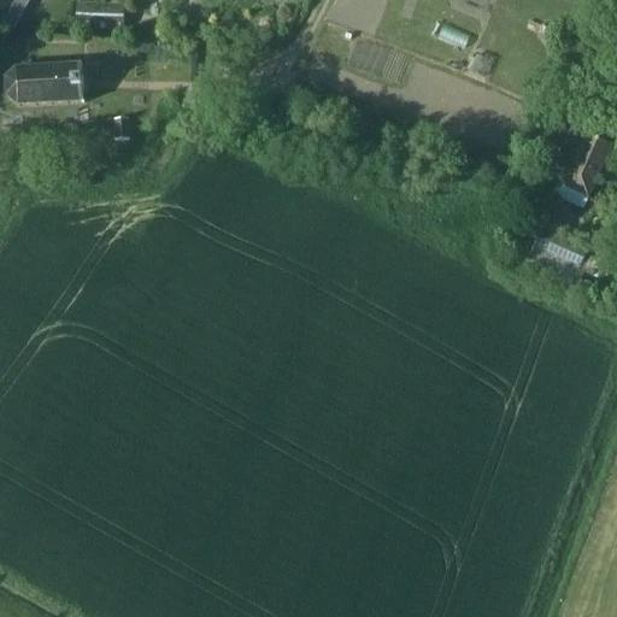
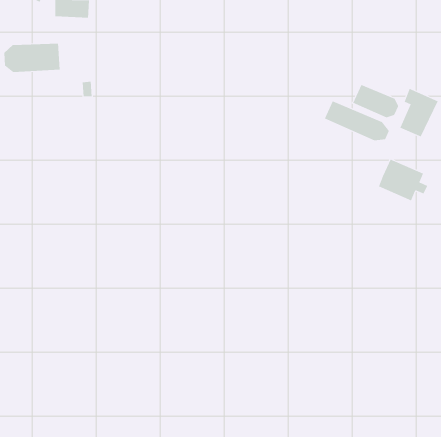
building: none -> [353,84,399,118]
building: none -> [324,100,390,141]

